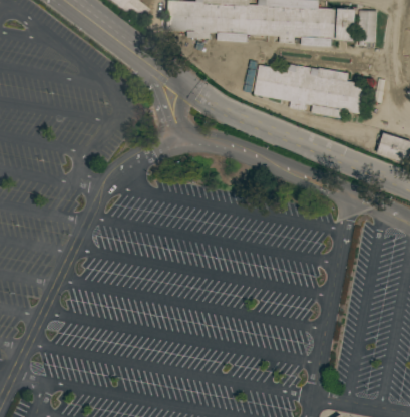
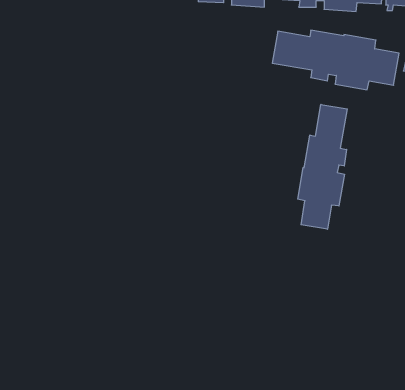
building: none -> [298,104,347,229]

